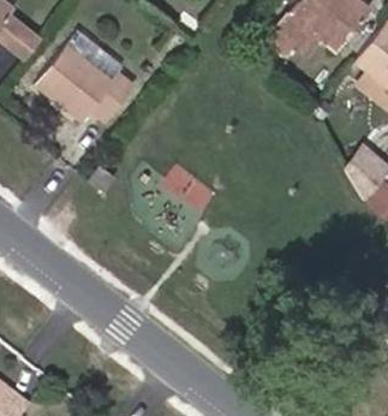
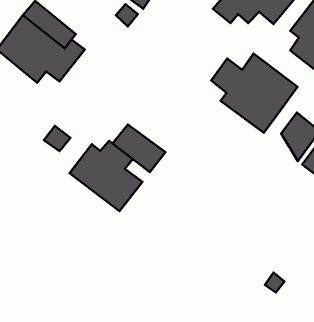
building: none -> [211,53,298,133]
building: none -> [70,141,142,211]

